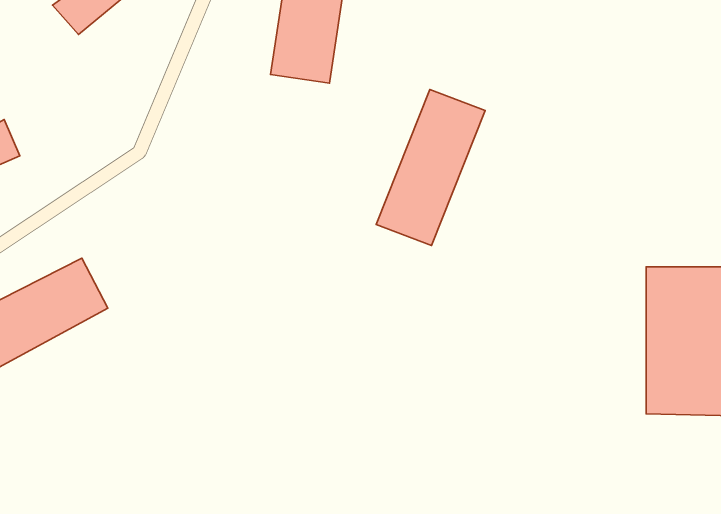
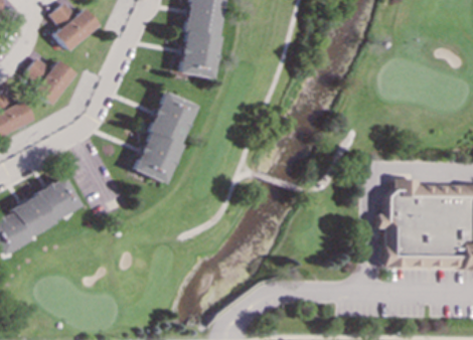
building: none -> [26,57,72,105]
building: [376,90,485,245] -> [133,93,196,183]

